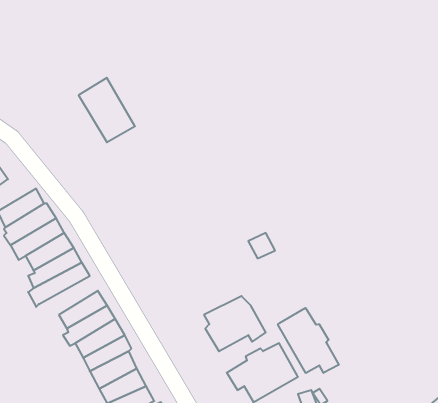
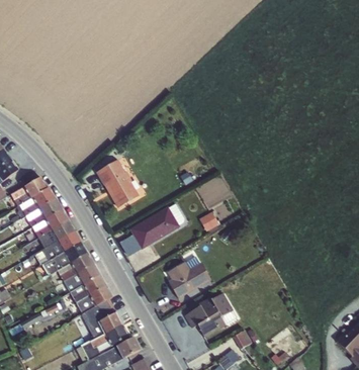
building: [79,78,135,142] -> [96,159,139,207]
building: none -> [129,205,185,249]
building: none -> [42,242,87,274]
building: [278,308,339,373] -> none

